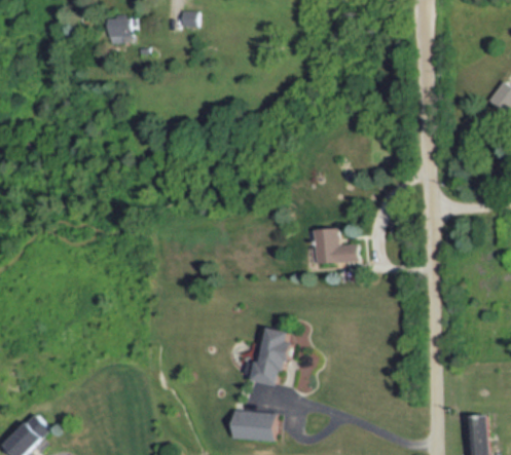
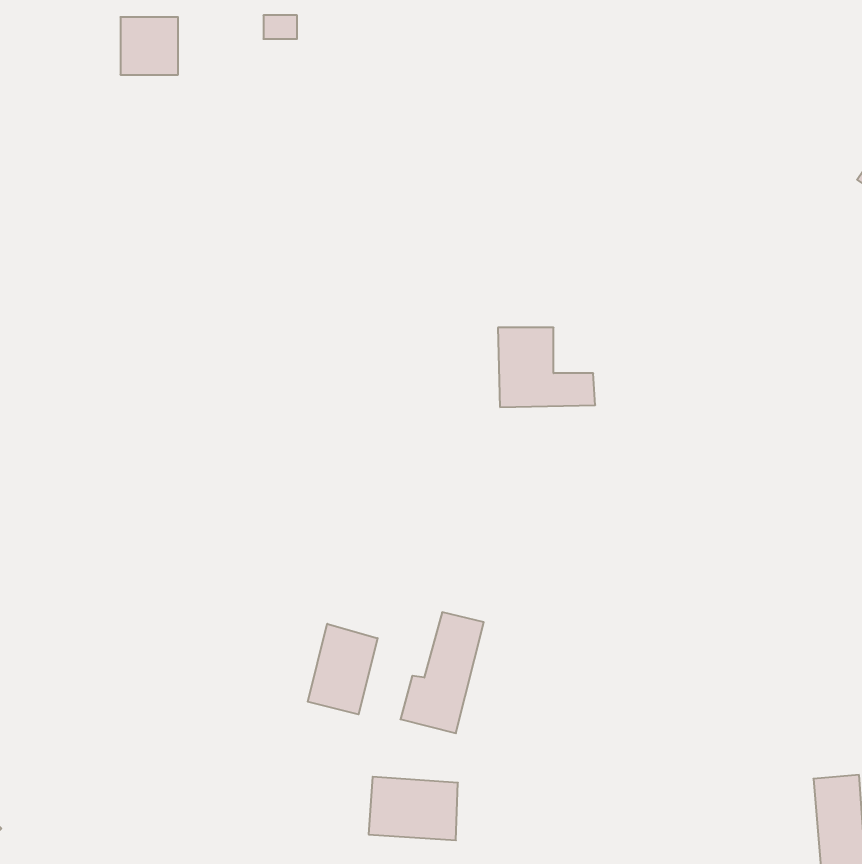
building: [311,227,361,268] -> [498,328,595,407]
building: none -> [308,624,378,714]

